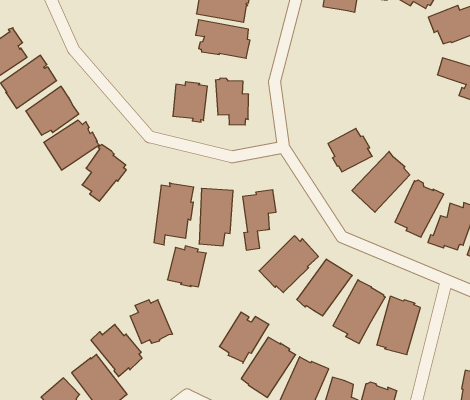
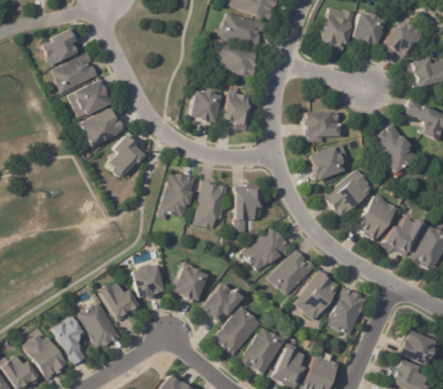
building: none -> [305,112,346,142]
building: none -> [373,124,420,174]
building: [167,246,206,287] -> [173,265,207,299]

